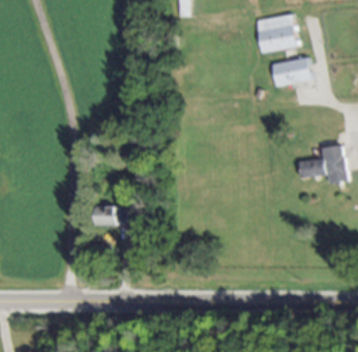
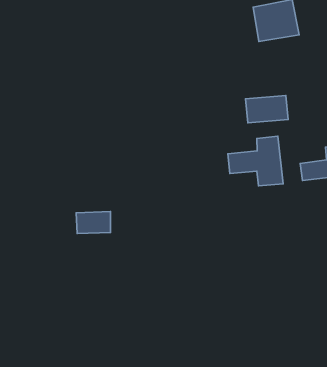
building: [271,59,309,84] -> [246,95,288,123]
building: none -> [228,136,283,186]

